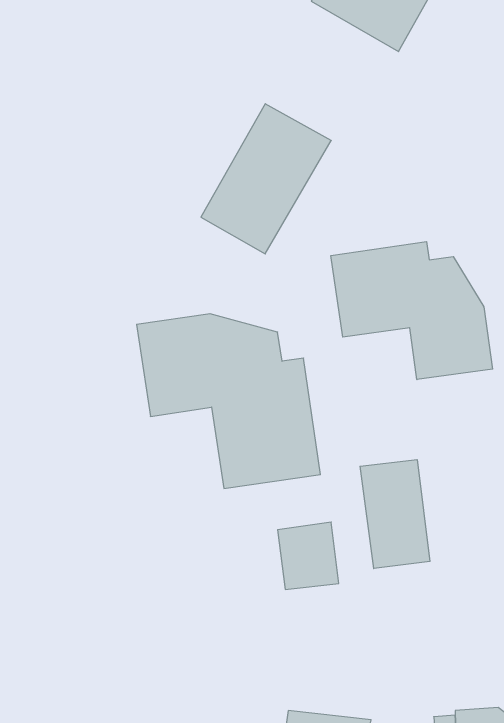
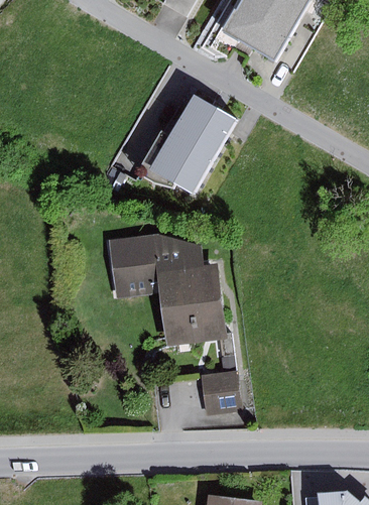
building: [331,242,493,380] -> none
building: [360,460,430,569] -> none

